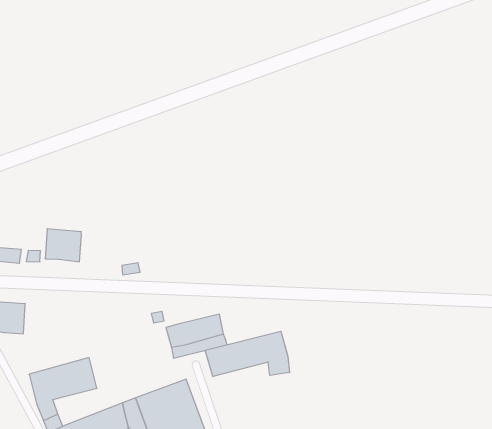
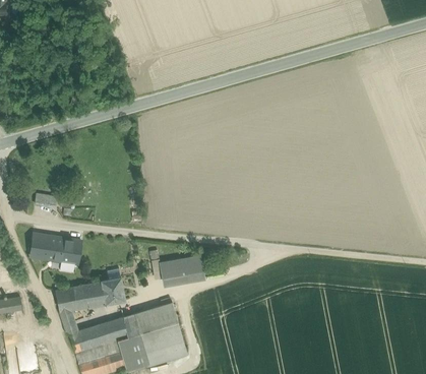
building: [45,229,81,262] -> [53,238,81,264]
building: [205,331,290,377] -> none
building: none -> [101,269,125,305]

